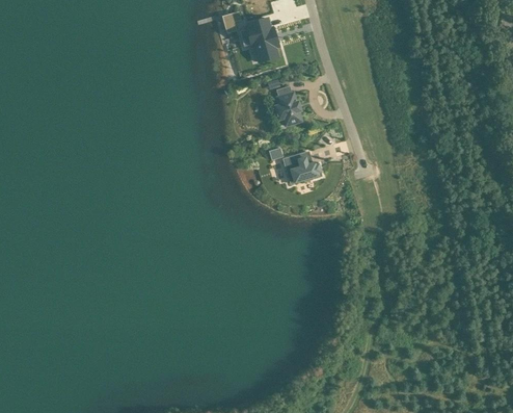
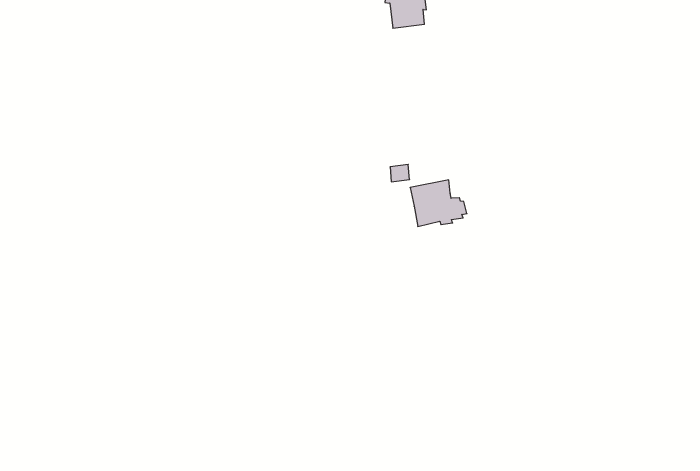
building: [275,84,301,124] -> none

